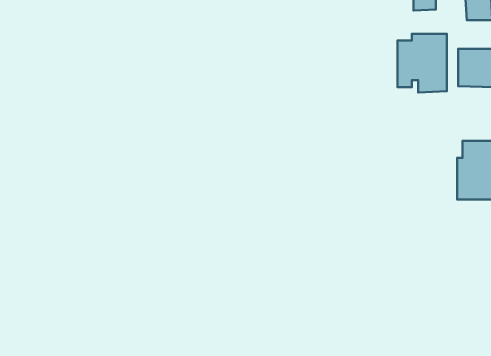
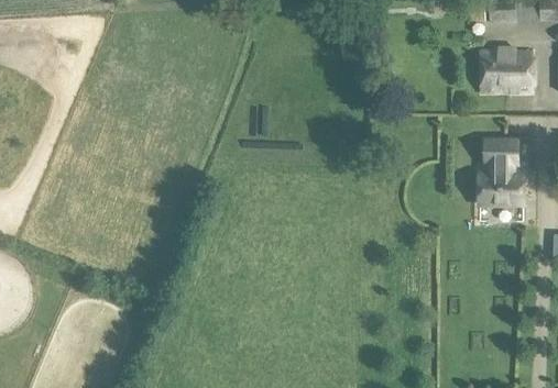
building: [398,34,447,93] -> none

